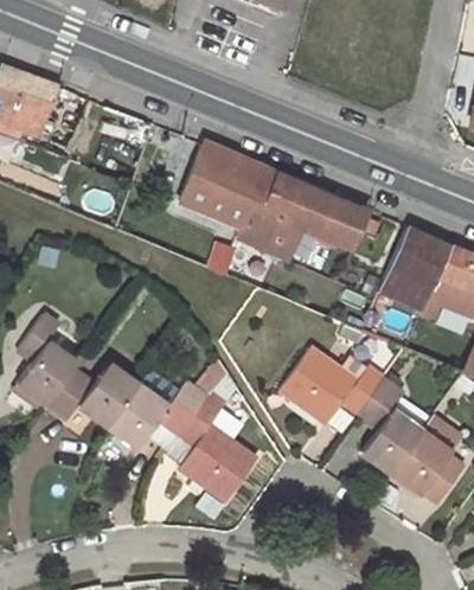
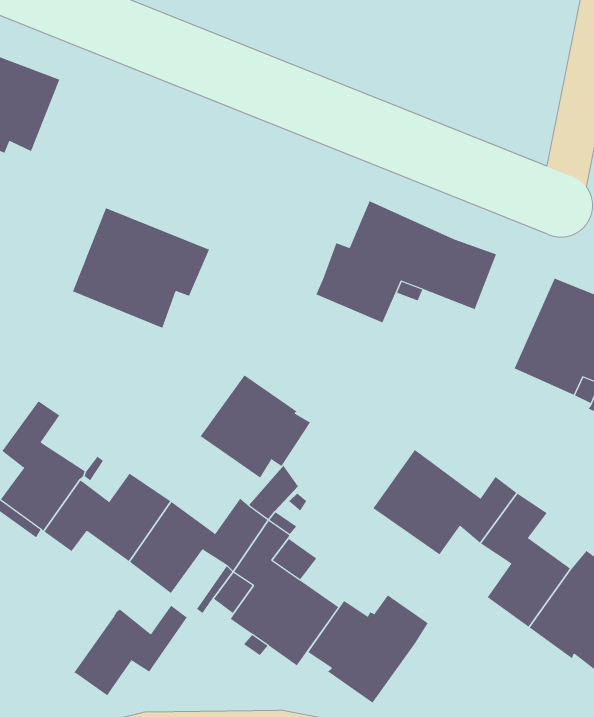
building: [180,142,277,227] -> [72,207,210,329]
building: none -> [200,374,311,478]
building: none -> [307,595,428,704]
building: none -> [74,605,187,696]

